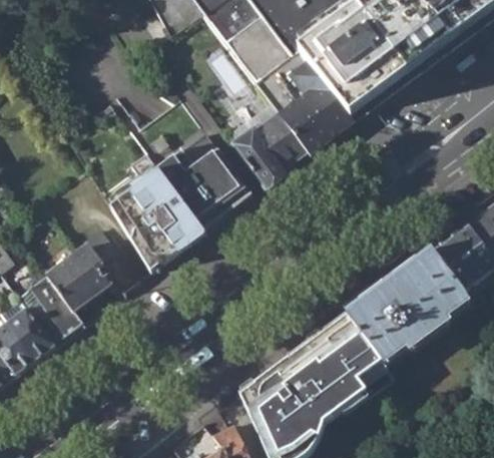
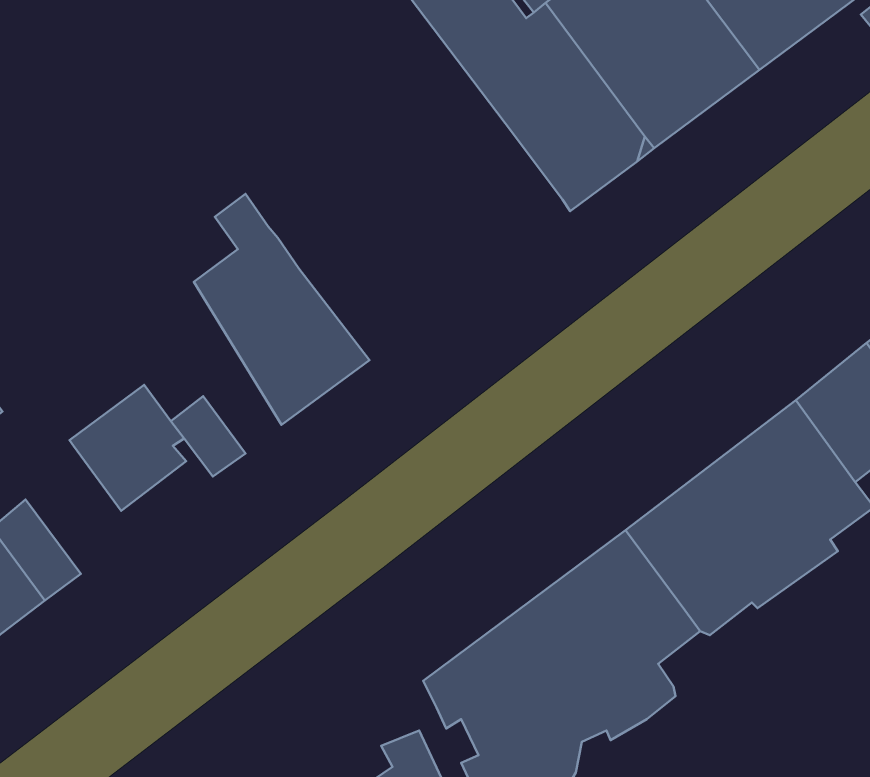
building: [230,106,305,185] -> none
building: [155,130,249,231] -> none
building: [18,276,82,343] -> none

